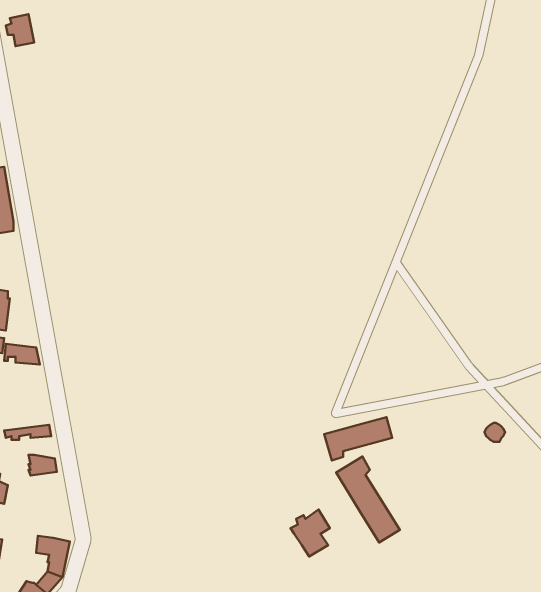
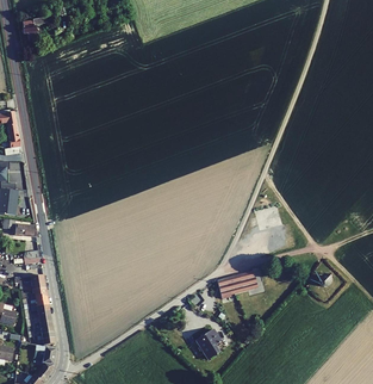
building: [336,457,400,542] -> none

